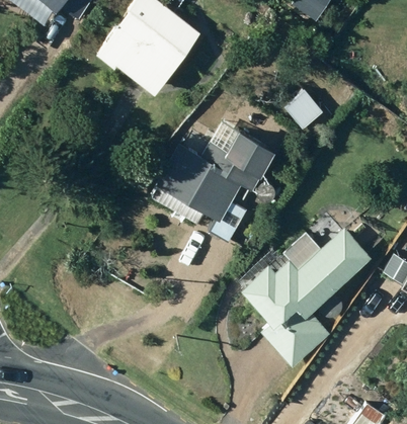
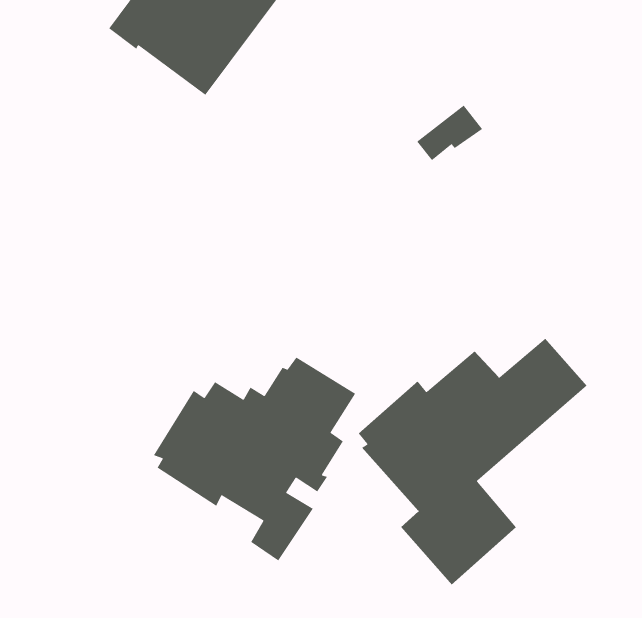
building: [155,126,271,244] -> [153,356,356,562]

